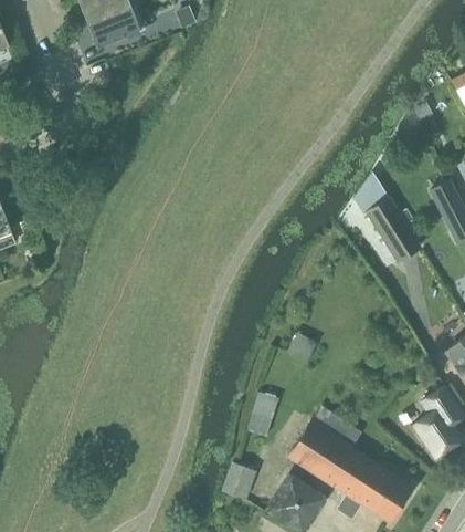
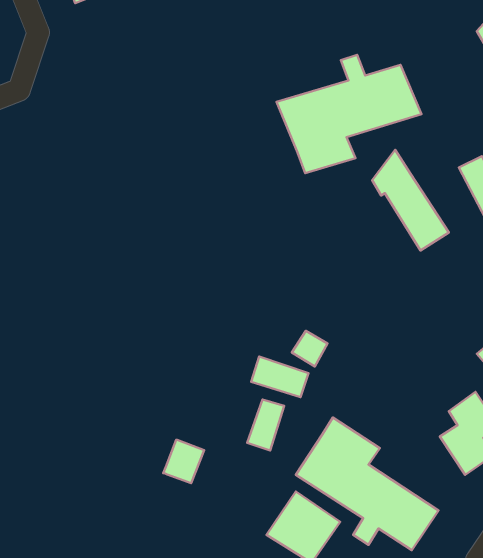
building: none -> [277,55,421,173]
building: none -> [251,356,308,397]
building: [221,461,256,499] -> [163,440,204,483]

